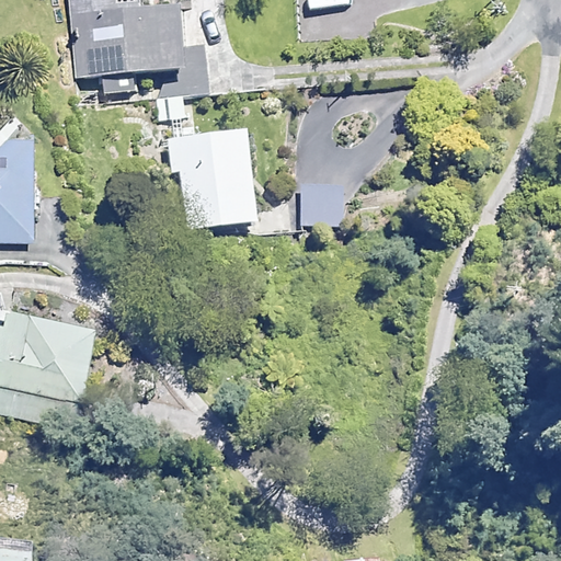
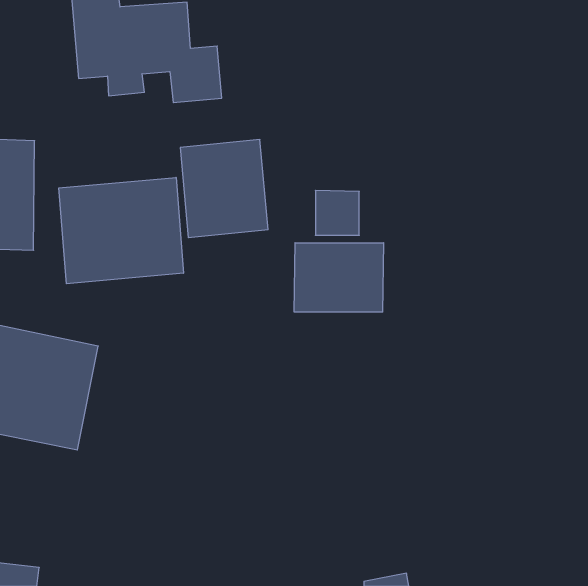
building: none -> [59,177,183,284]
building: none -> [294,243,384,312]

